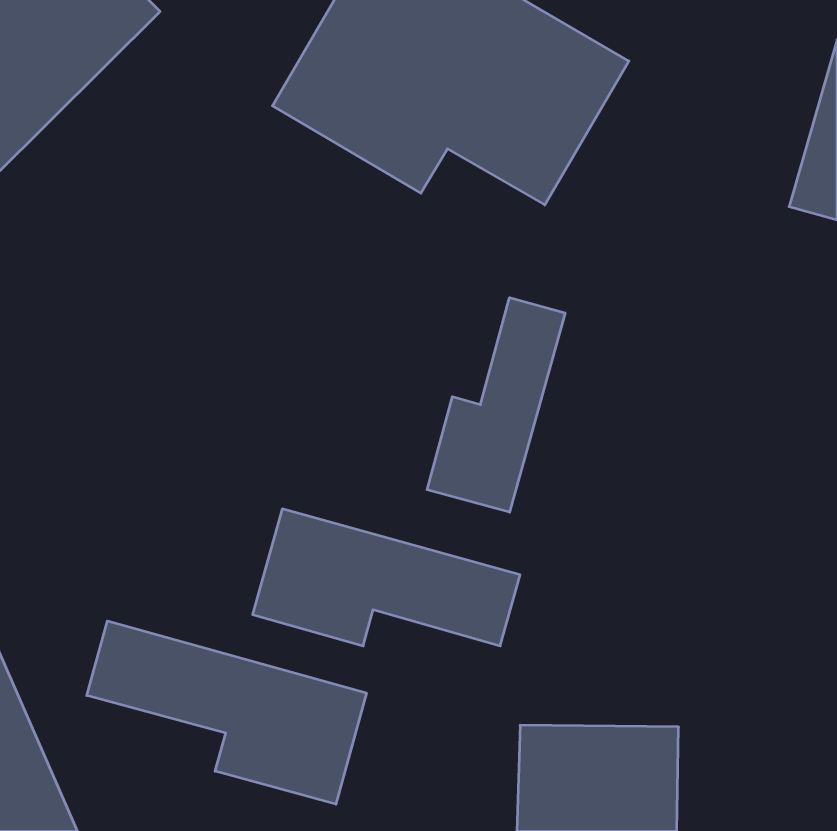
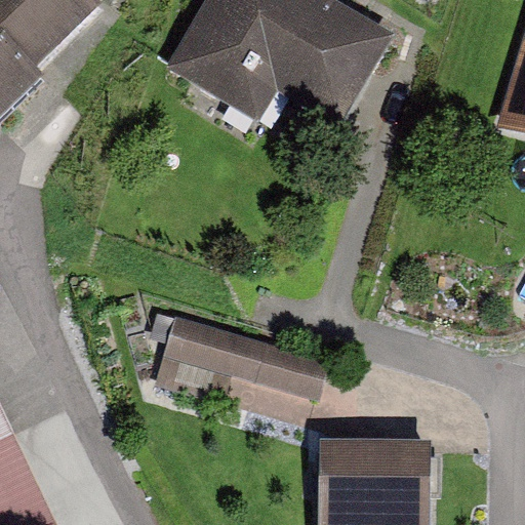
building: [427,298,565,512] -> none
building: [87,621,366,804] -> none

